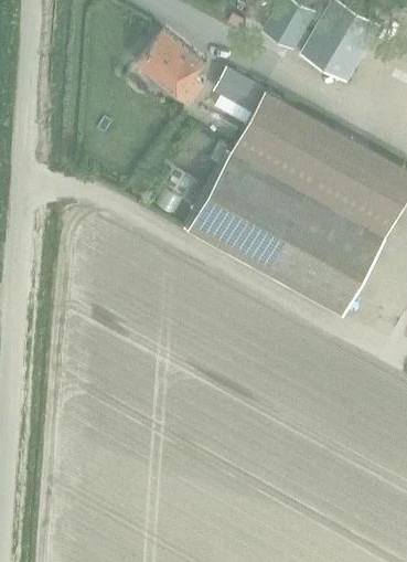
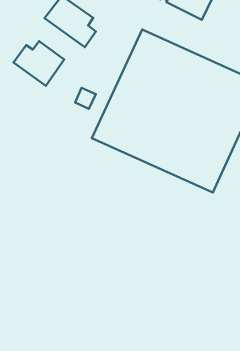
building: [215,70,264,114] -> none
building: none -> [13,41,64,86]

